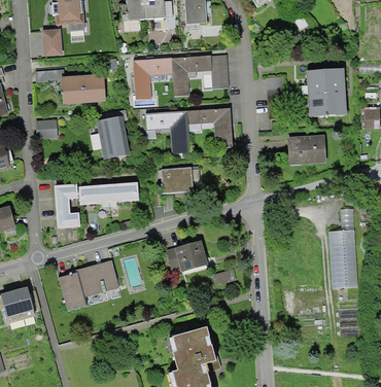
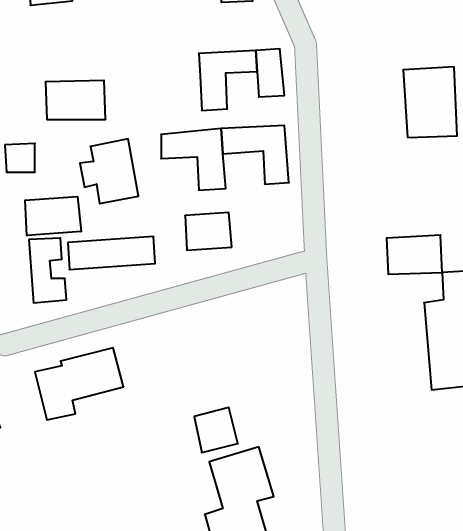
building: [43,29,62,57] -> none
building: [133,58,171,97] -> none
building: [289,136,327,163] -> [387,235,442,274]
building: none -> [25,197,81,236]
building: [178,240,208,271] -> [194,408,238,453]

